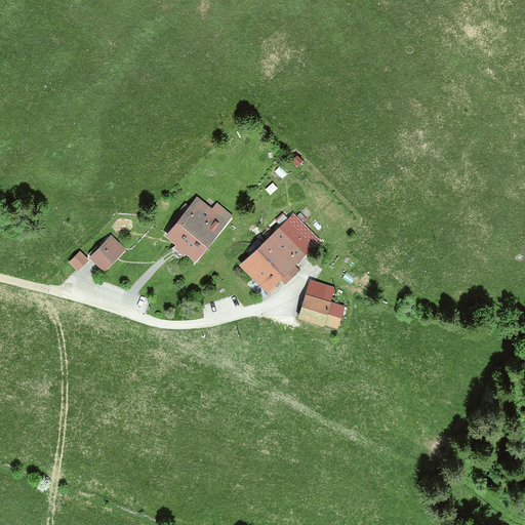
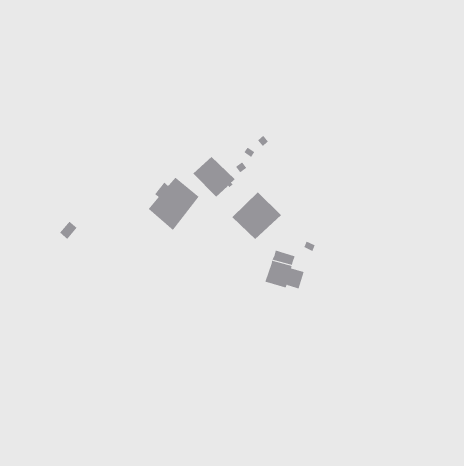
building: [89,240,121,272] -> none
building: [241,244,289,290] -> [193,156,235,197]

